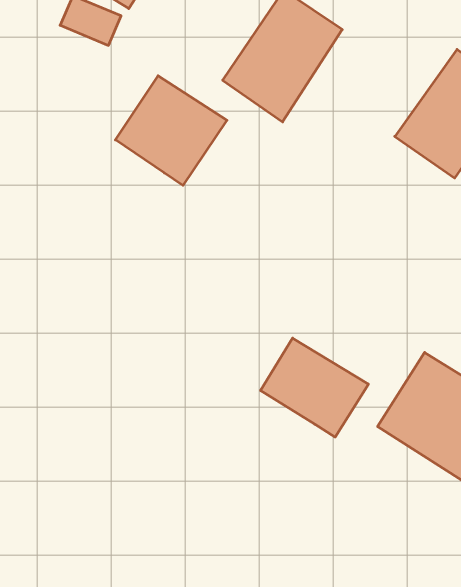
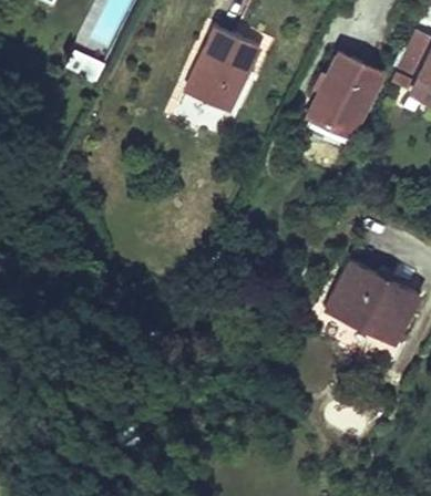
building: [115,76,227,185] -> none
building: [261,338,368,437] -> none

